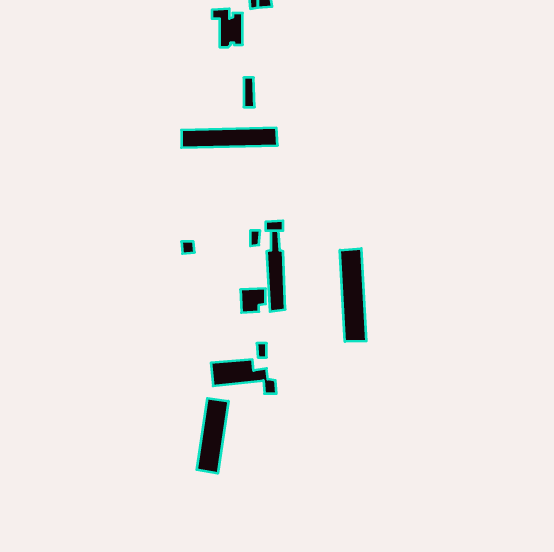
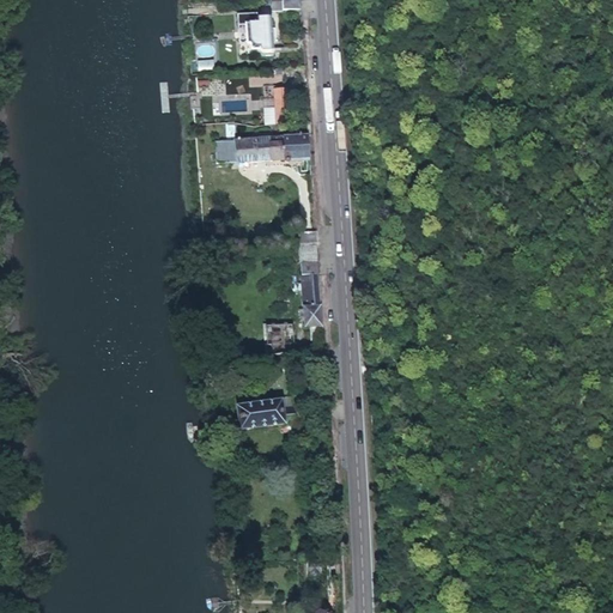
building: [340,248,366,342] -> none
building: [197,398,228,473] -> none

